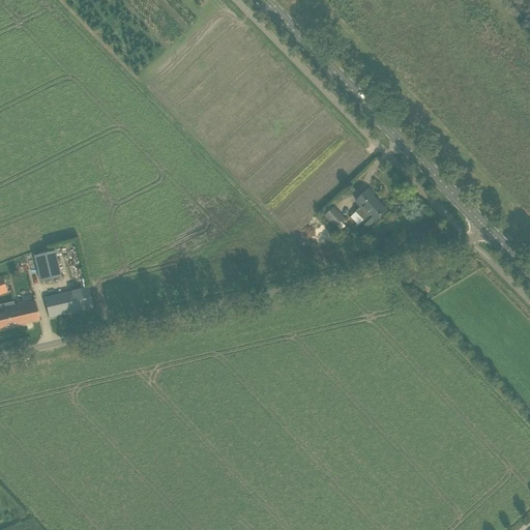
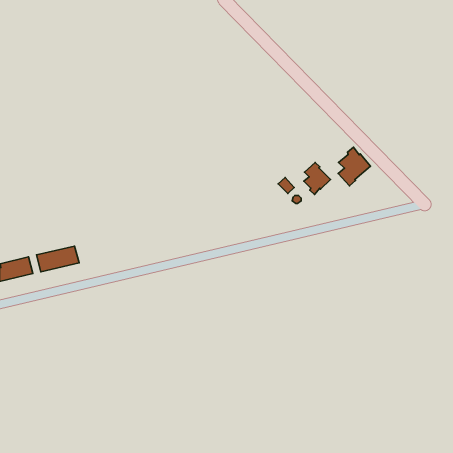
building: none -> [338,147,370,186]
building: [33,251,60,281] -> none

